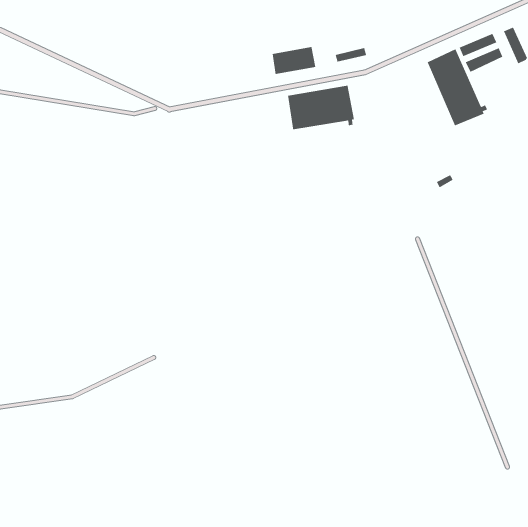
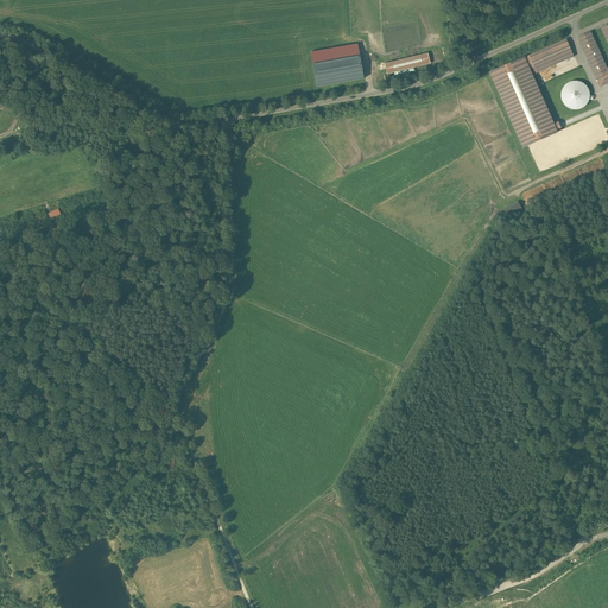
building: none -> [562,81,593,107]
building: [288,85,355,130] -> none

